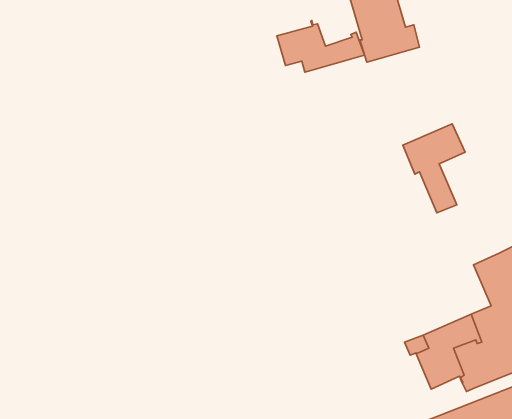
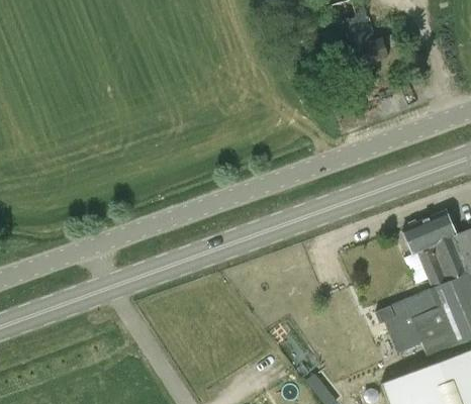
building: [277,21,365,72] -> none
building: [403,124,465,213] -> [403,211,457,288]

